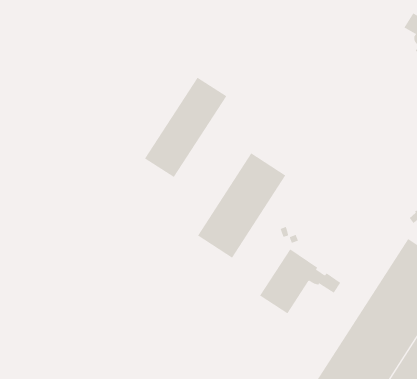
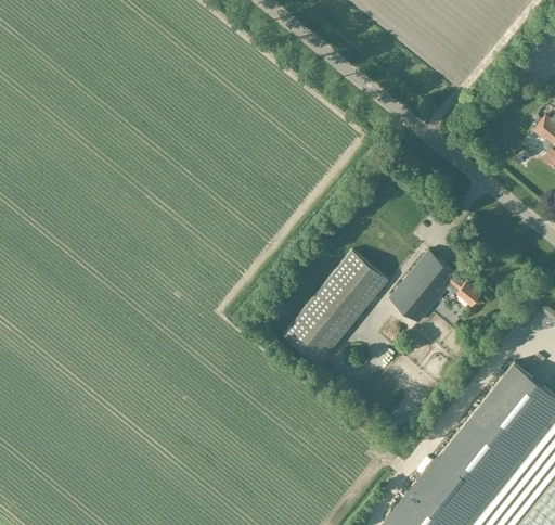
building: [144,77,227,178] -> none
building: [259,249,341,314] -> [390,249,481,321]

